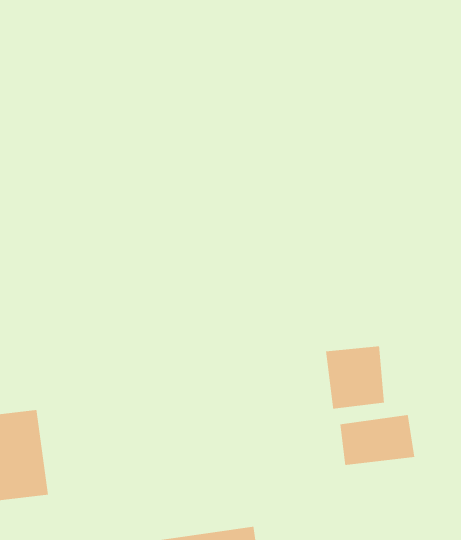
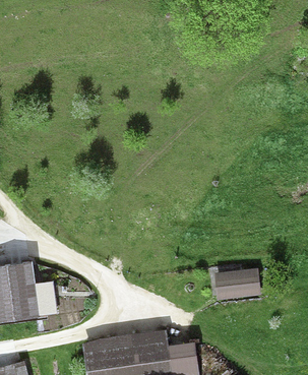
building: [325,346,384,409] -> none

